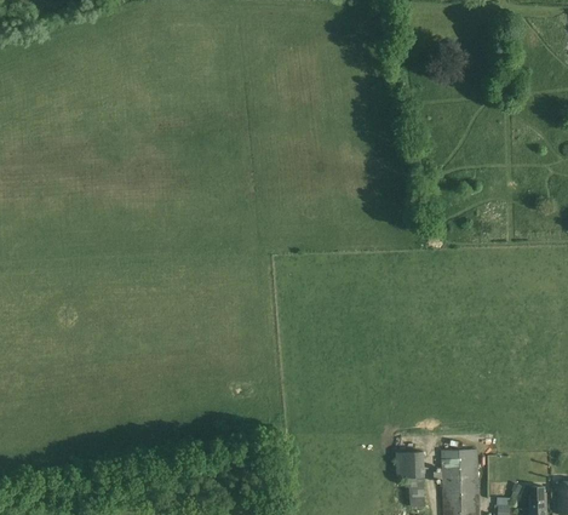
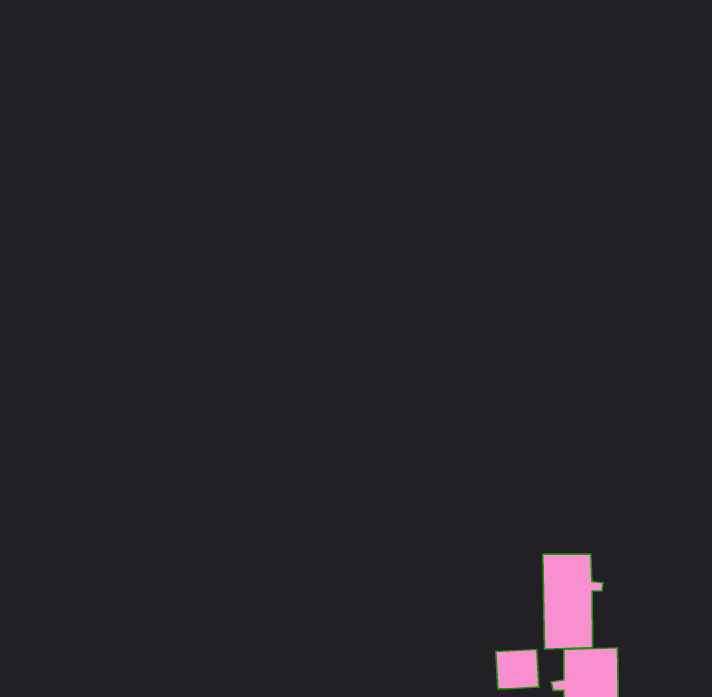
building: none -> [543,554,603,649]

